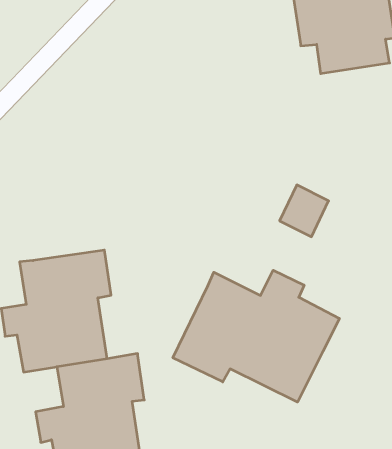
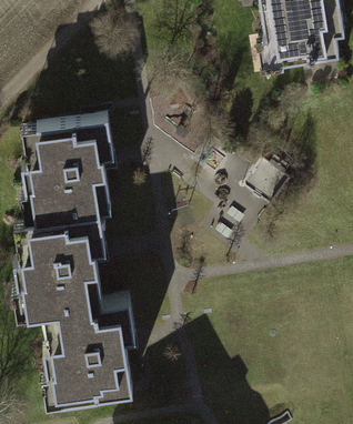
building: none -> [20,118,112,222]
building: [173,270,339,402] -> none

